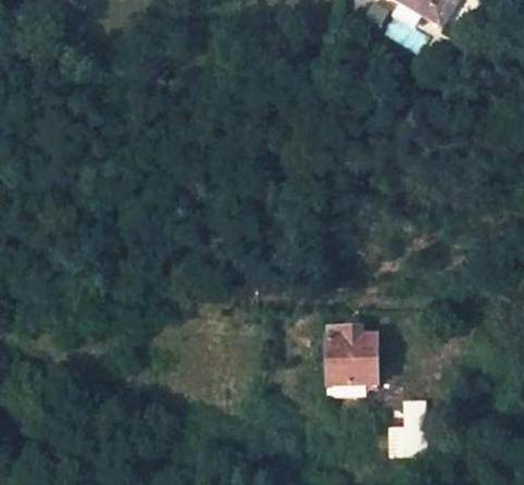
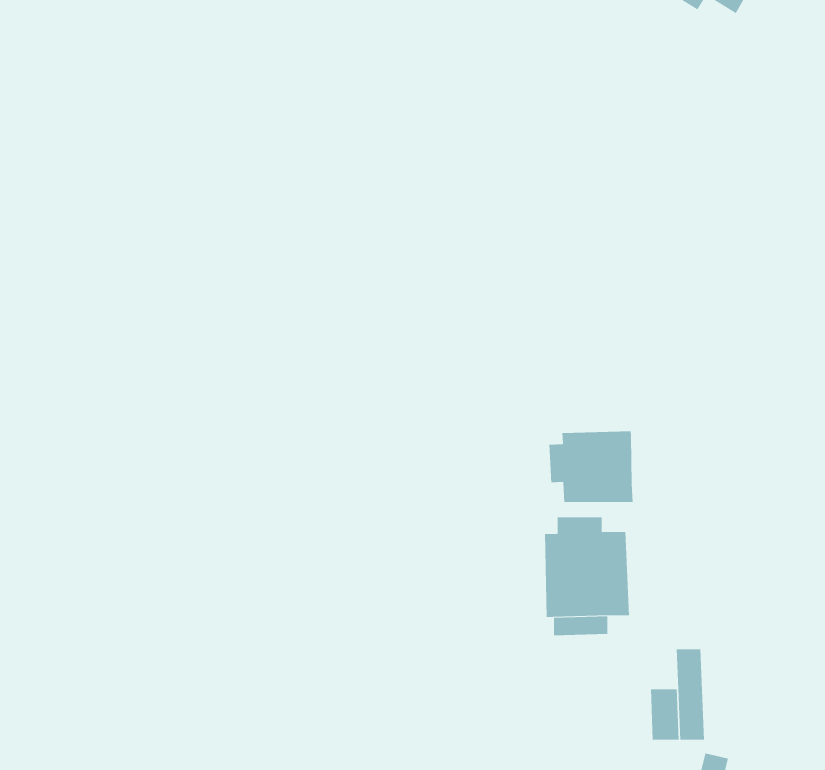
building: none -> [549,431,633,503]

